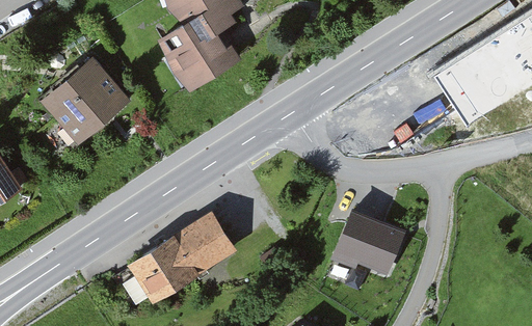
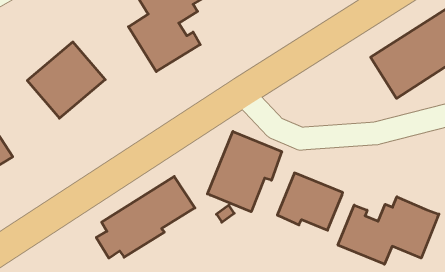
building: none -> [207,131,282,212]
building: none -> [338,197,439,264]

